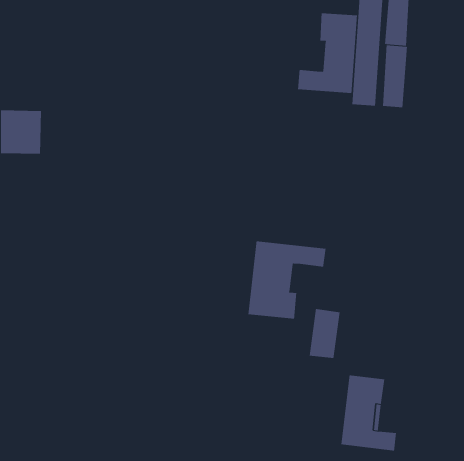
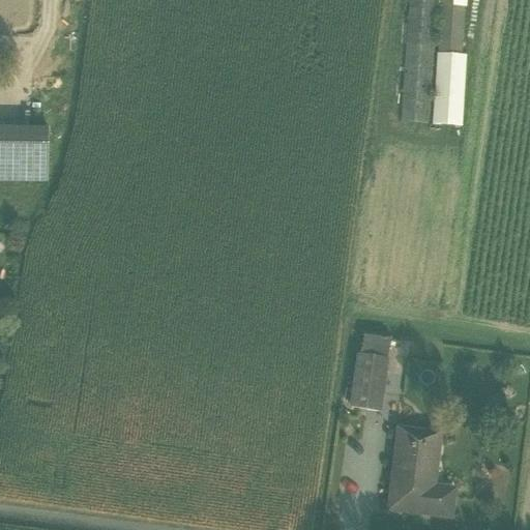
building: [297,12,357,94] -> none
building: [248,241,326,320] -> none
building: none -> [359,334,390,356]

